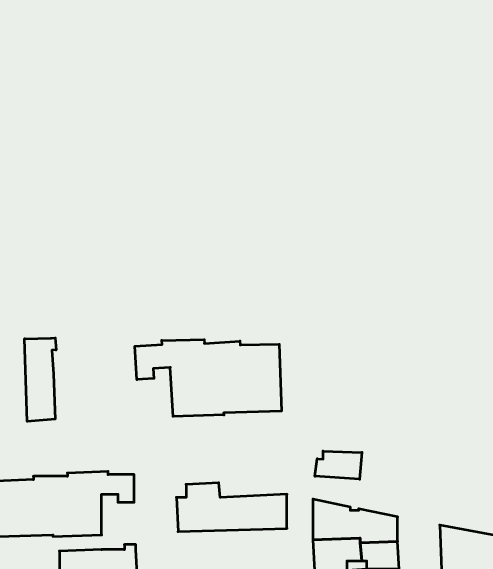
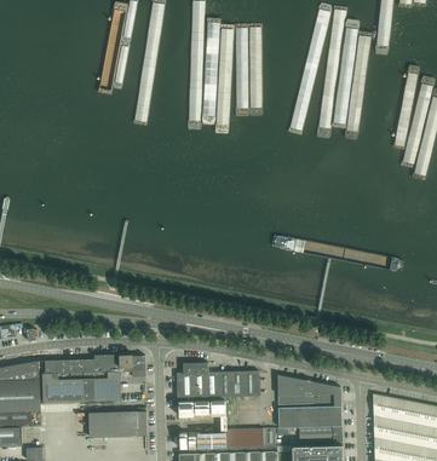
building: [25,338,56,421] -> none
building: [135,340,281,416] -> none
building: [315,451,362,479] -> none

